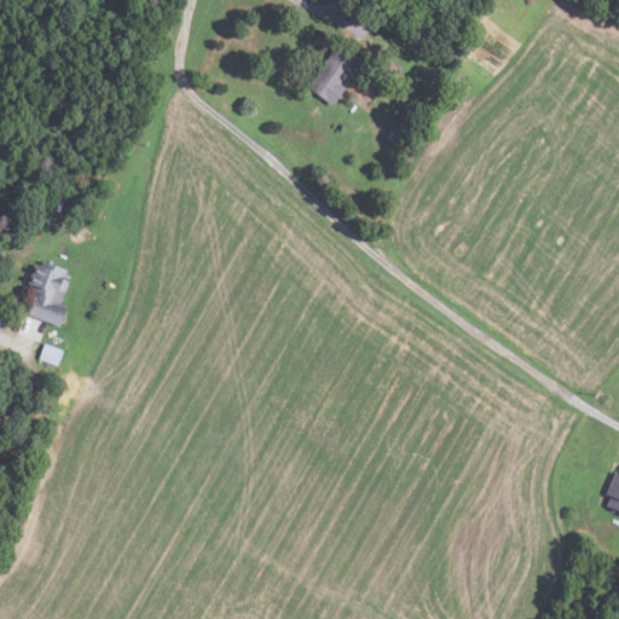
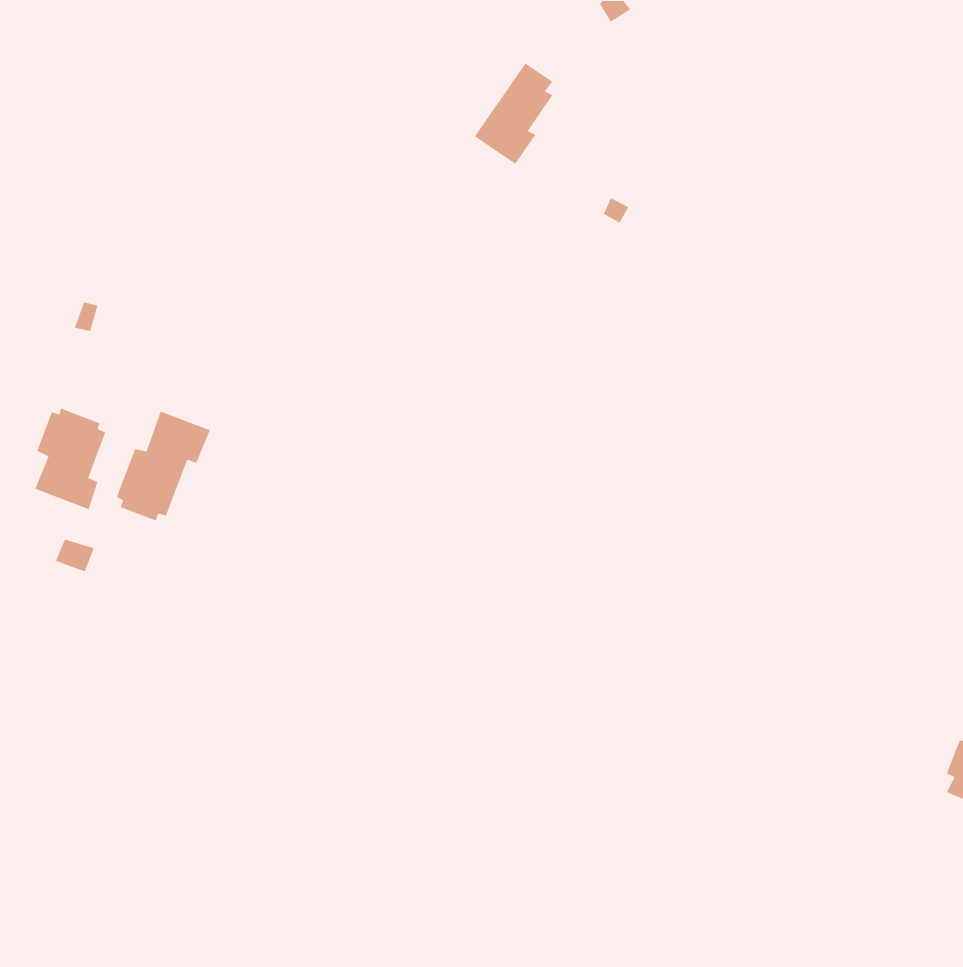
building: none -> [116,411,211,521]

